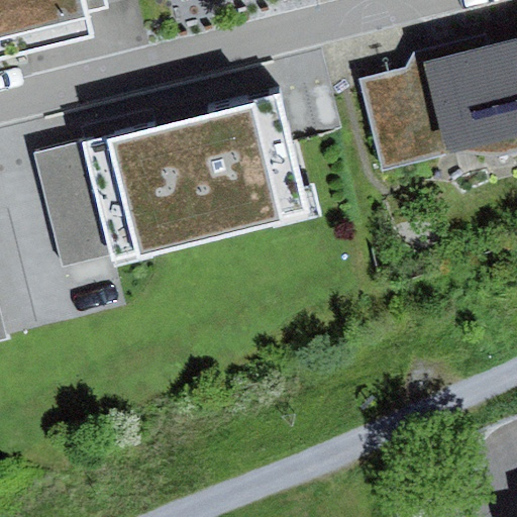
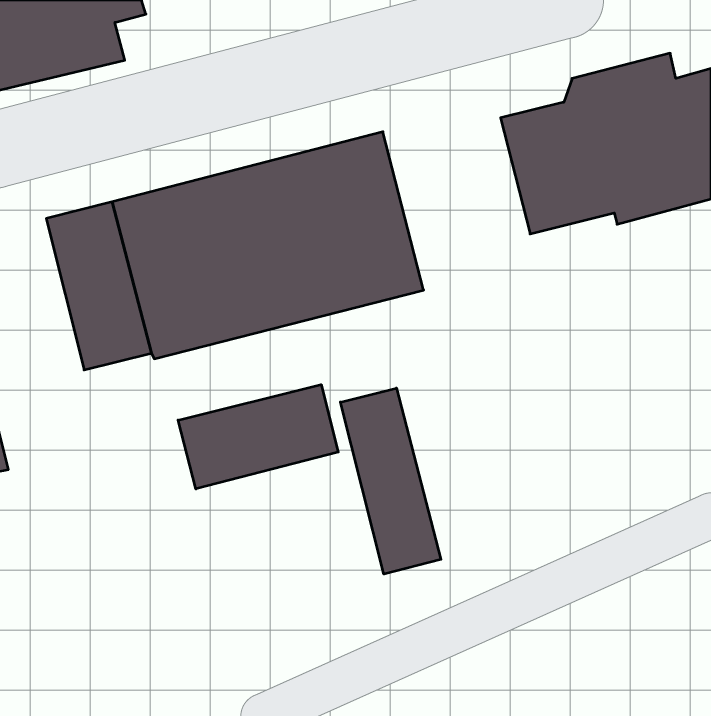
building: none -> [178,385,338,489]
building: none -> [340,388,441,574]

